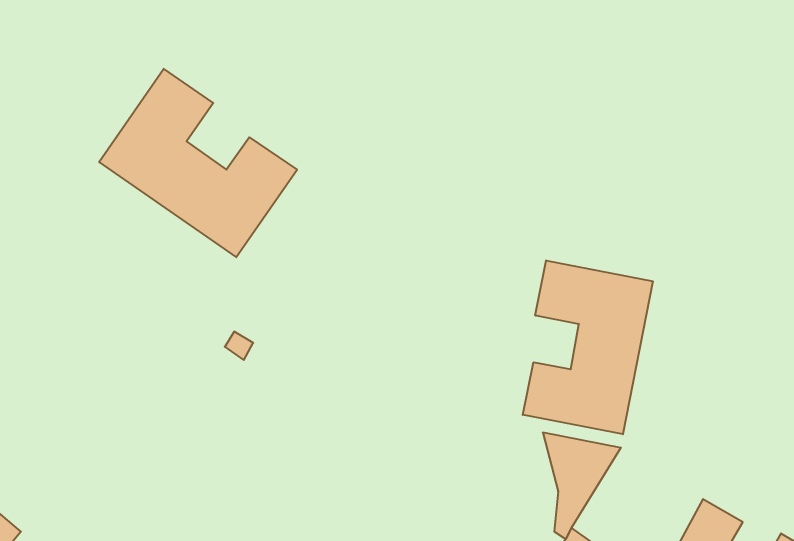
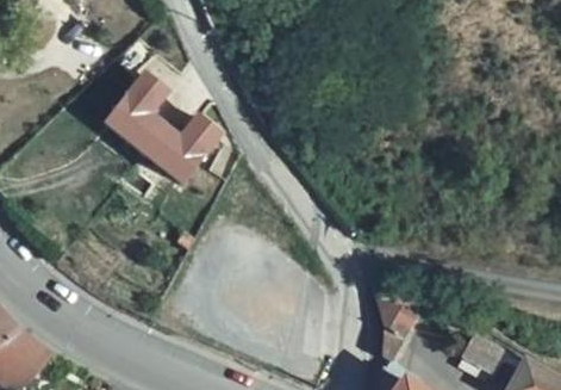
building: [523,260,653,434] -> none

